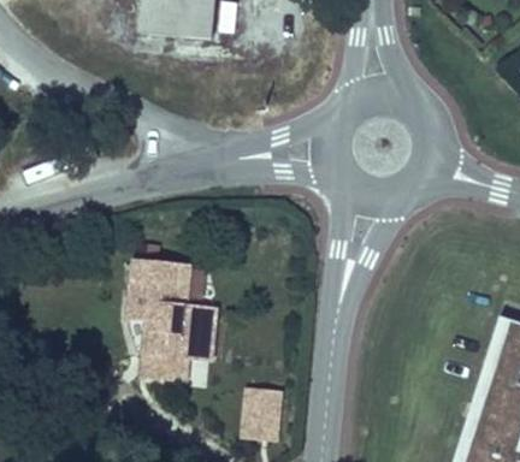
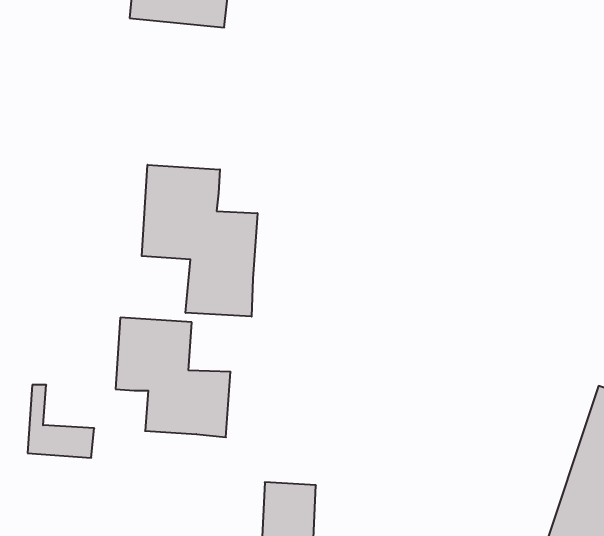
building: none -> [142,165,257,317]
building: [138,320,190,377] -> [28,385,94,458]

